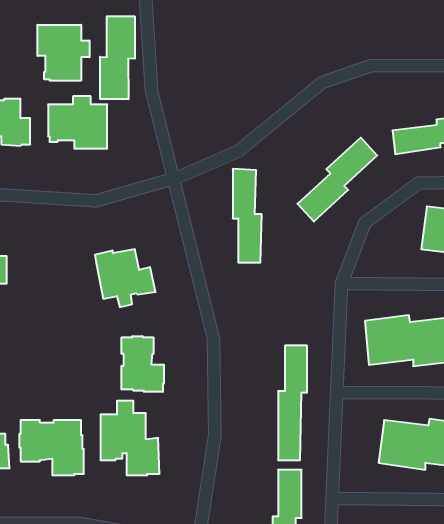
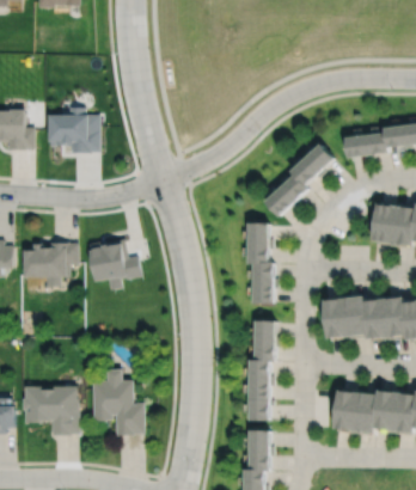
building: [100,16,135,99] -> none
building: [37,25,89,81] -> none
building: [233,169,262,263] -> [246,222,271,304]
building: none -> [23,241,78,286]
building: [122,336,164,392] -> none

